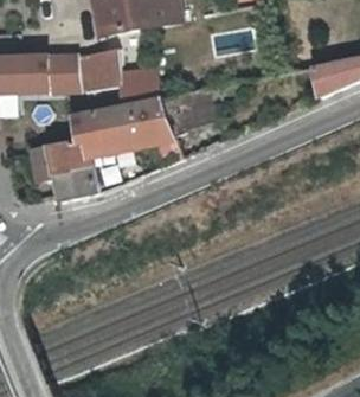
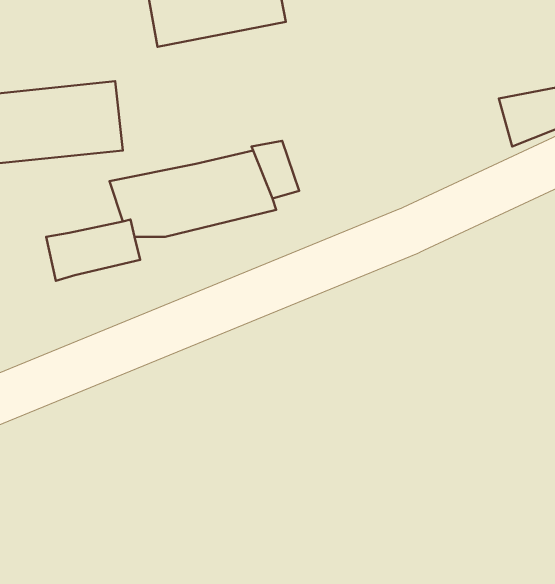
building: [76,46,156,97] -> none
building: [47,165,95,200] -> none

